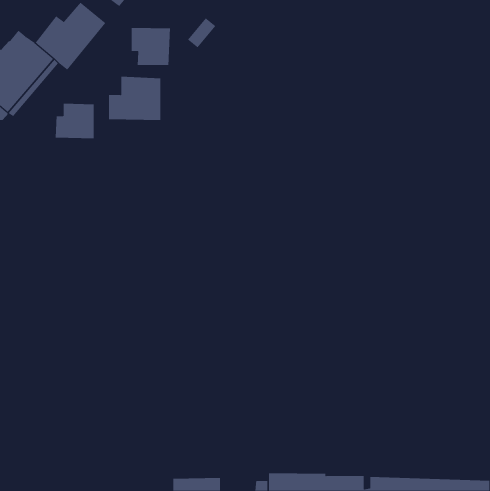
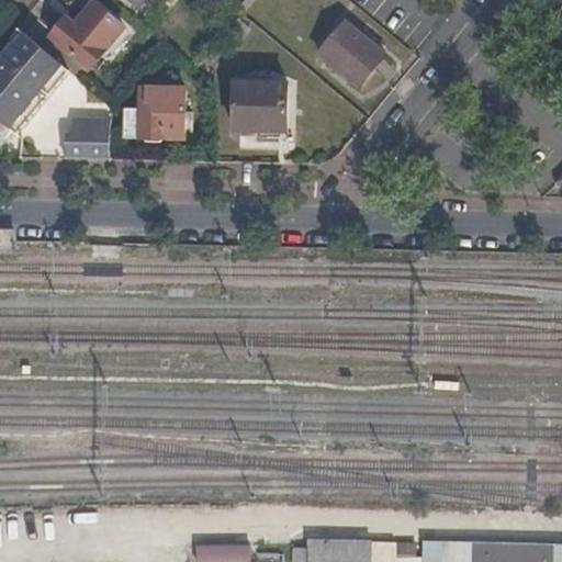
building: none -> [317,22,383,87]
building: [131,27,171,66] -> none
building: none -> [235,82,286,131]

